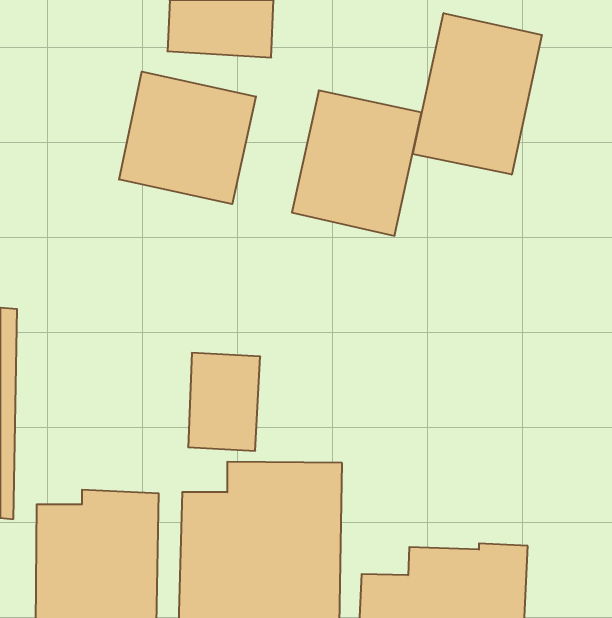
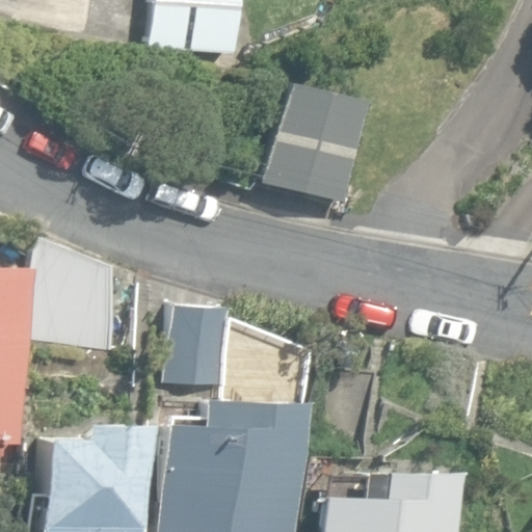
building: [413,13,542,175] -> none
building: [119,72,256,204] -> none
building: none -> [37,237,119,353]

